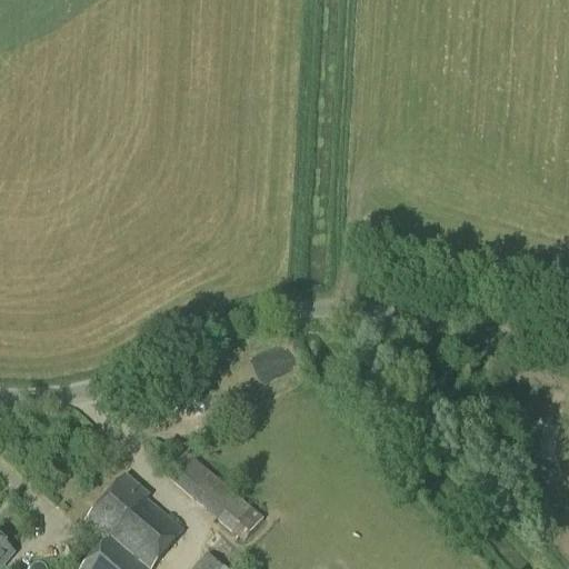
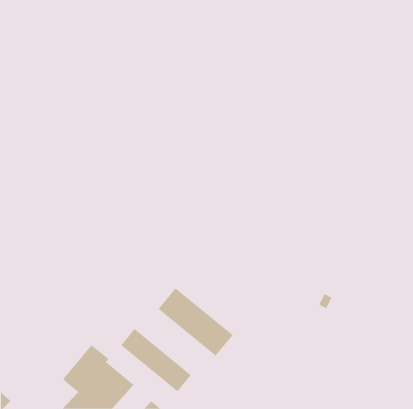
building: none -> [158,288,233,356]

